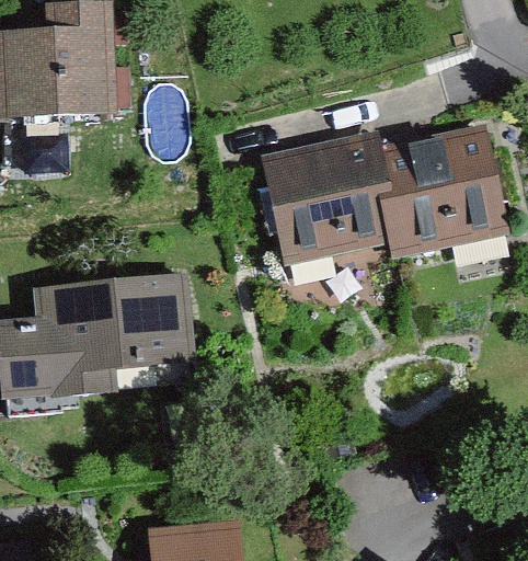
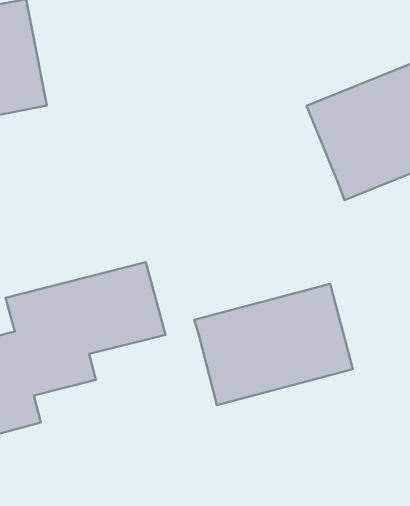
building: [261,137,386,255] -> none
building: none -> [194,284,353,405]

